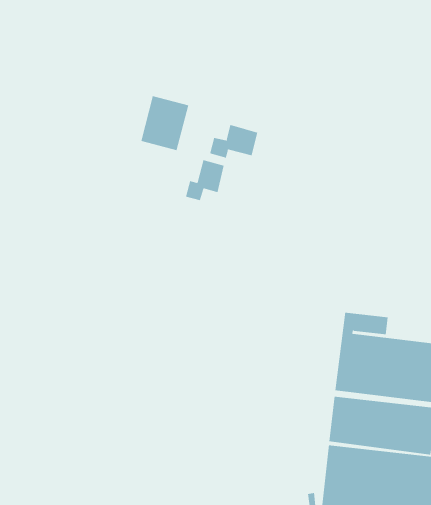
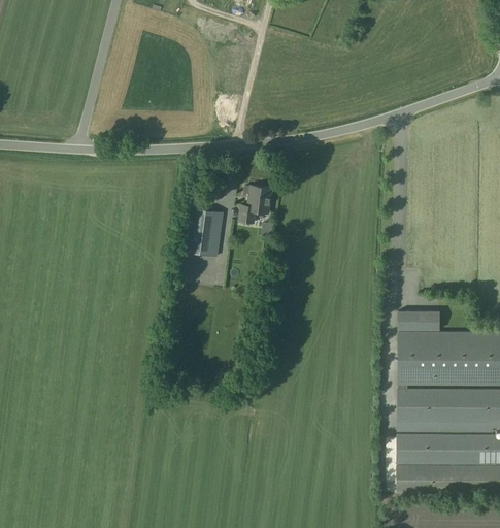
building: [140,95,189,151] -> [182,207,224,256]
building: [209,124,258,158] -> none

